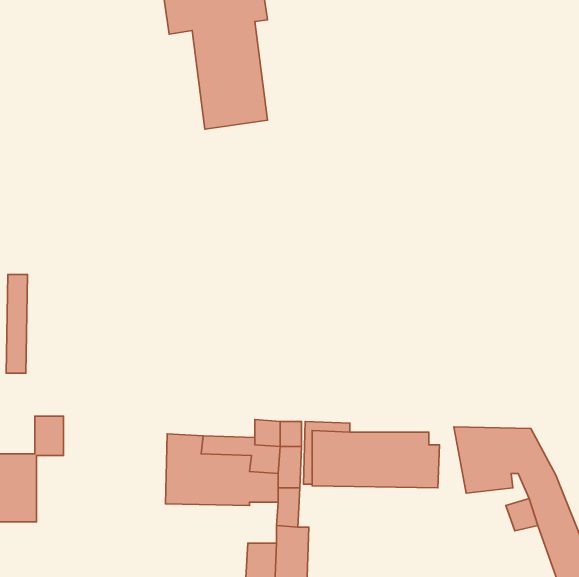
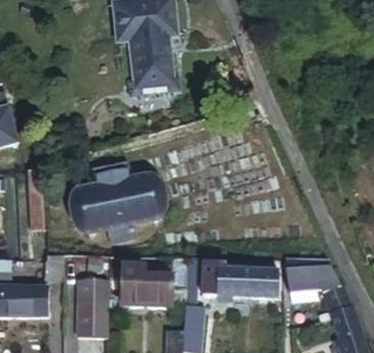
building: none -> [69,167,163,242]
building: none -> [75,279,109,339]

